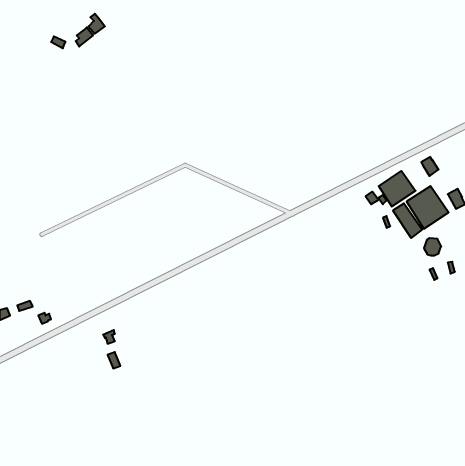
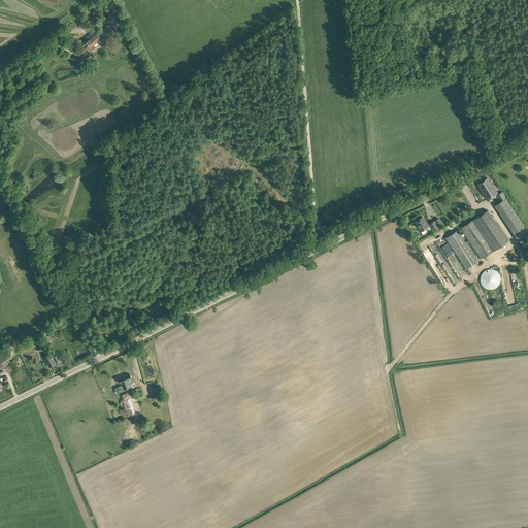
building: [379,171,416,207] -> none

